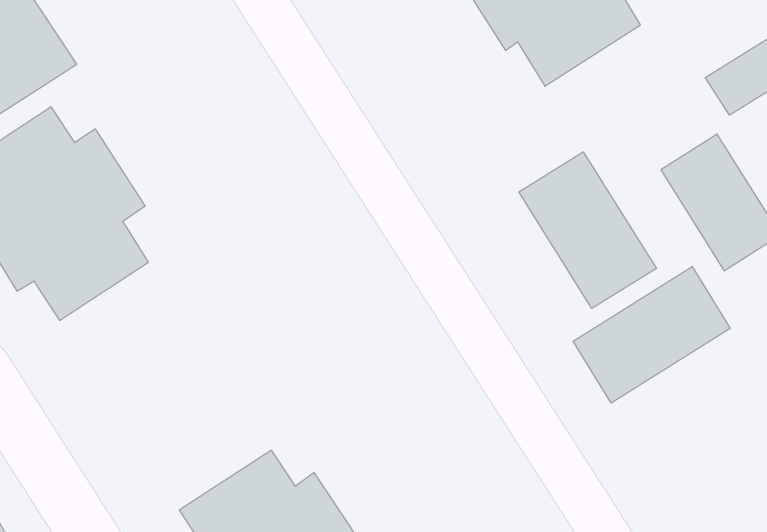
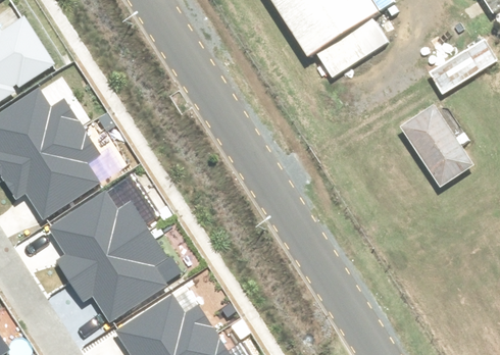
building: [519,152,656,309] -> none
building: [573,266,730,403] -> none
building: none -> [47,192,160,318]

